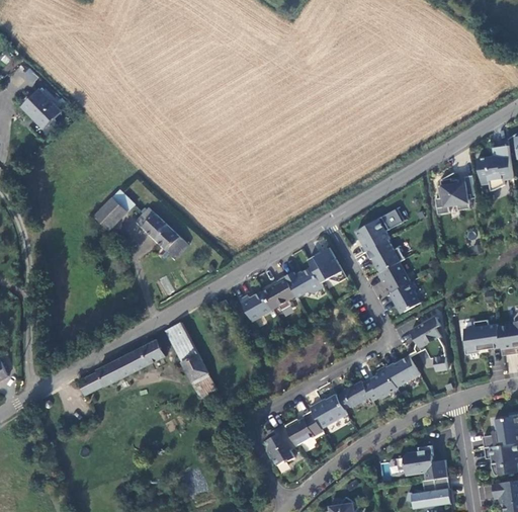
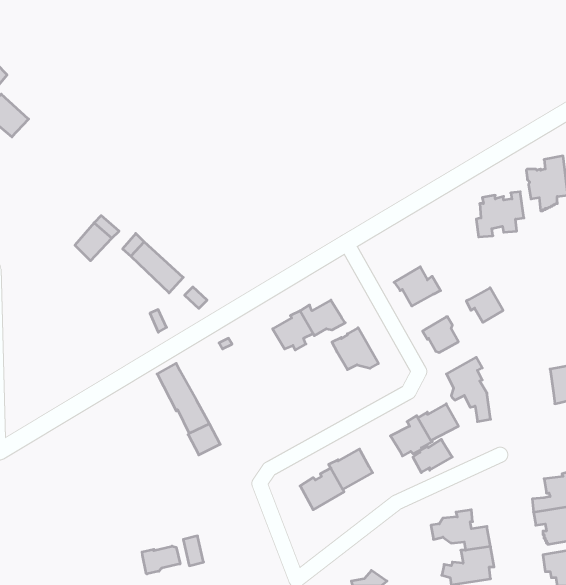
building: [355,217,390,253] -> none
building: [308,247,347,282] -> [332,328,378,370]
building: [378,262,410,291] -> [466,288,503,322]
building: [240,291,272,321] -> none
building: [463,319,501,353] -> none
building: [77,339,165,395] -> none
building: [337,380,370,409] -> [413,439,452,473]
building: [265,424,296,464] -> none
building: none -> [142,546,180,574]

